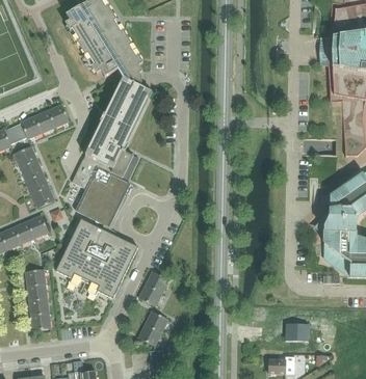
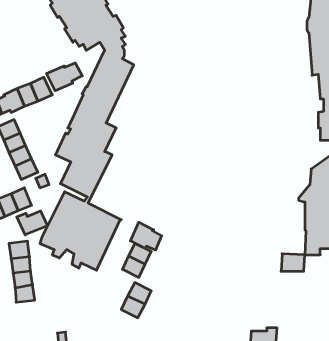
building: none -> [47,63,82,91]
building: none -> [17,211,48,235]
building: none -> [130,222,162,250]
building: [285,323,309,341] -> [281,254,305,271]

